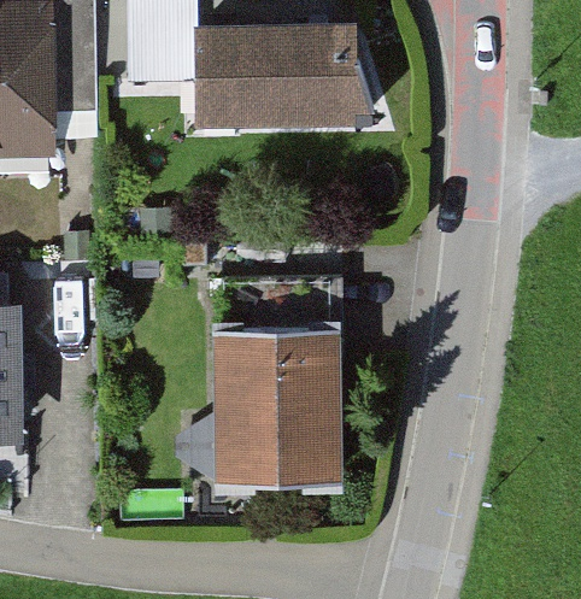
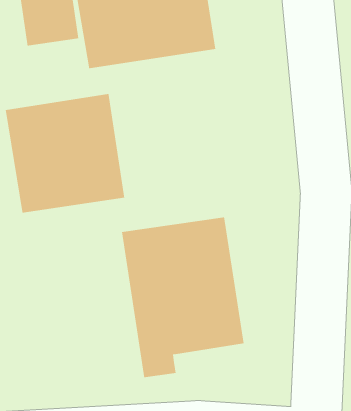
building: none -> [5,93,125,213]

